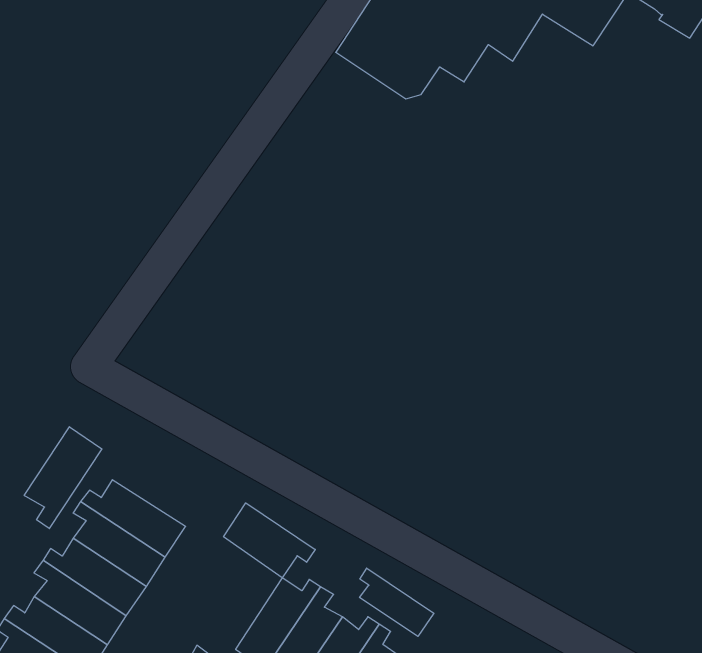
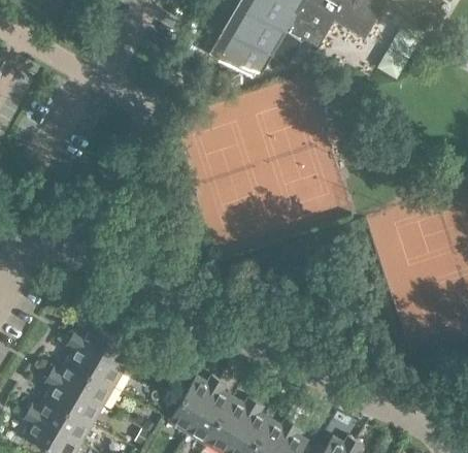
building: [24,427,102,529] -> none
building: [224,503,315,578] -> none
building: [360,568,434,636] -> none

